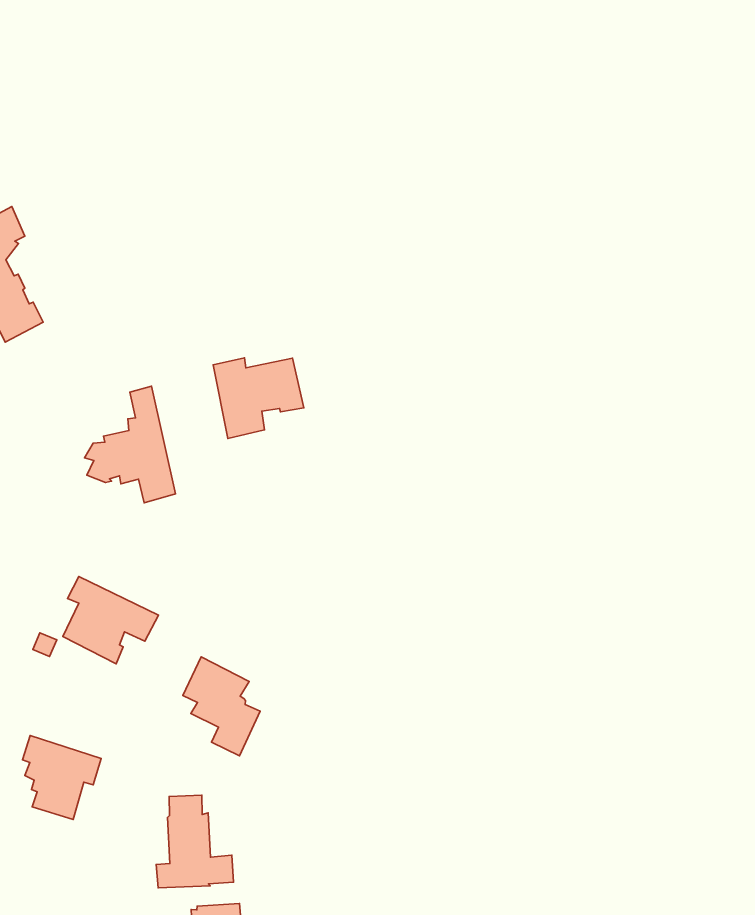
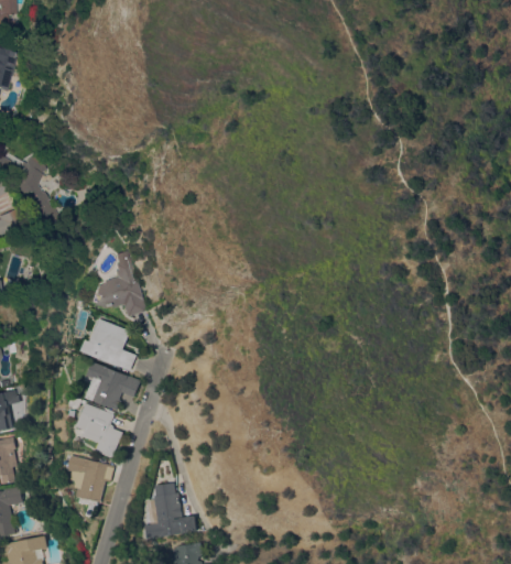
building: [213,358,304,438] -> none
building: none -> [81,318,135,370]
building: [183,657,260,756] -> [78,403,123,458]

